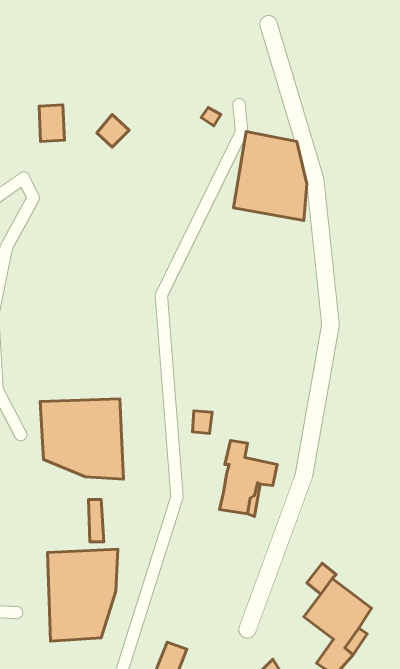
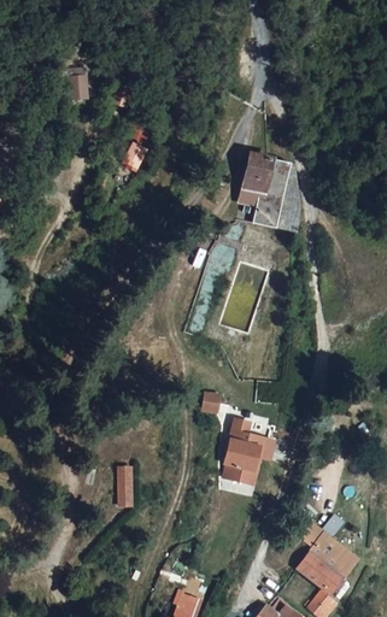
building: [39,105,64,141] -> [66,71,88,102]
building: [40,399,123,479] -> none
building: [47,549,118,641] -> none

